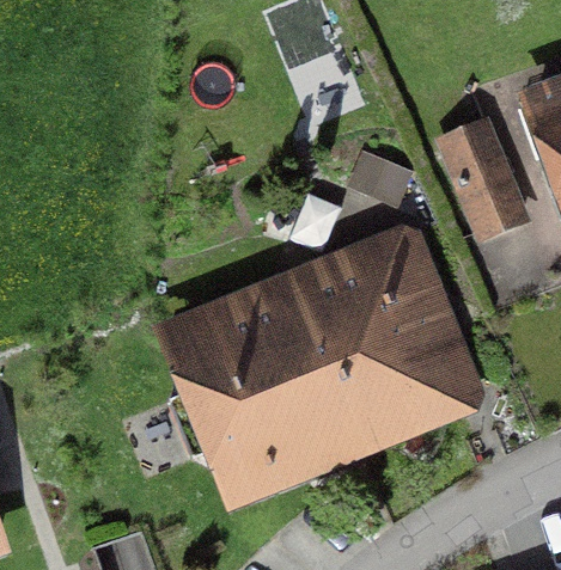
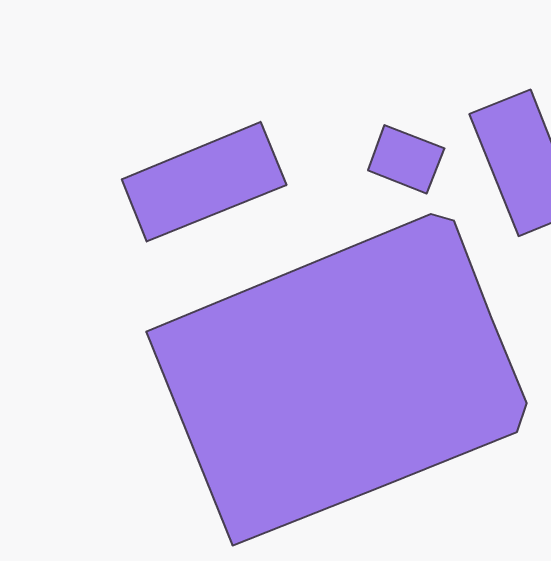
building: none -> [122,122,286,242]

